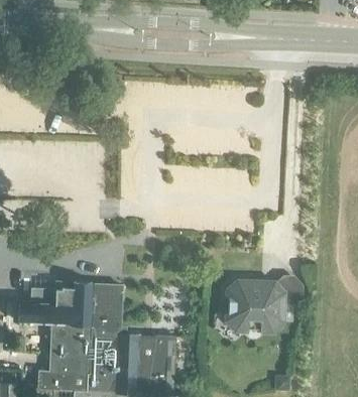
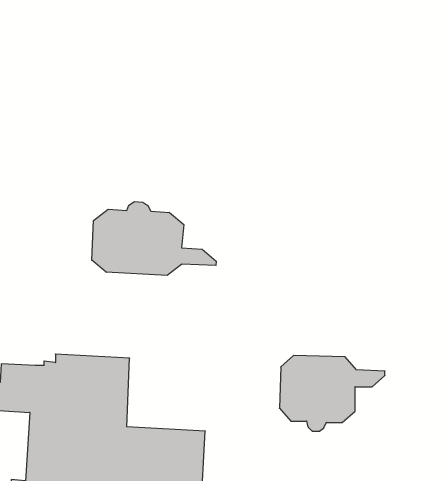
building: none -> [92,202,216,275]

